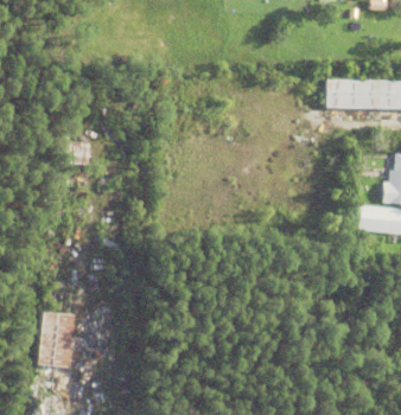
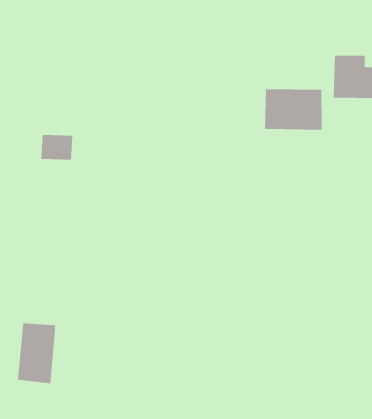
building: none -> [264,88,322,130]

